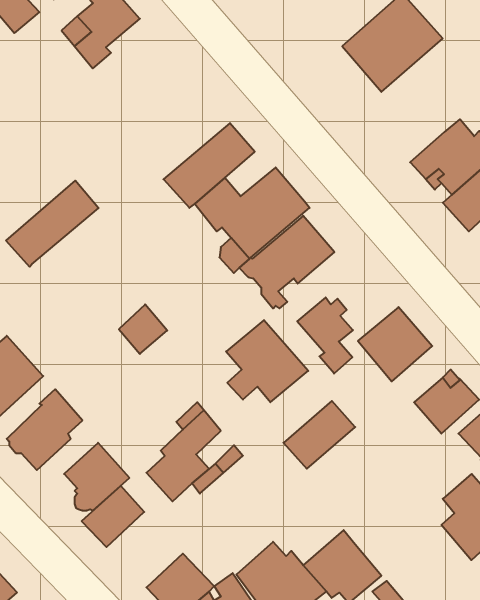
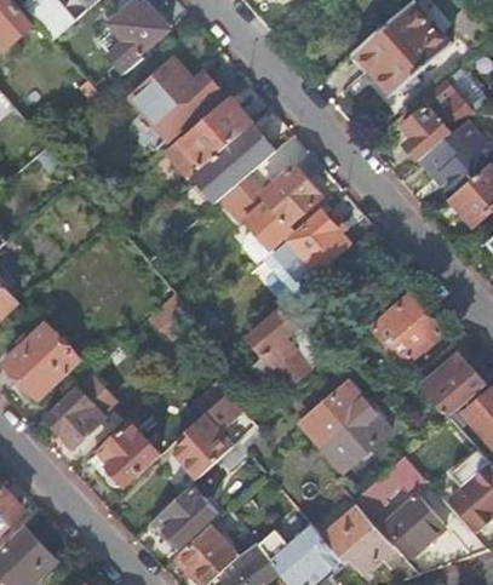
building: none -> [130,59,220,139]
building: none -> [402,79,474,162]
building: [6,181,99,267] -> [166,99,252,179]
building: [297,297,353,374] -> none
building: none -> [323,407,389,470]
building: none -> [354,455,423,516]
building: [82,486,144,547] -> [157,487,216,544]
building: none -> [383,495,445,556]

